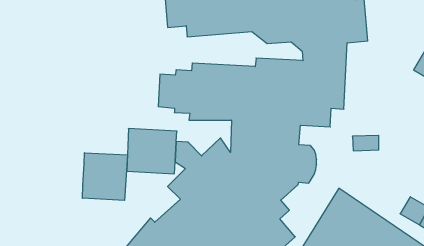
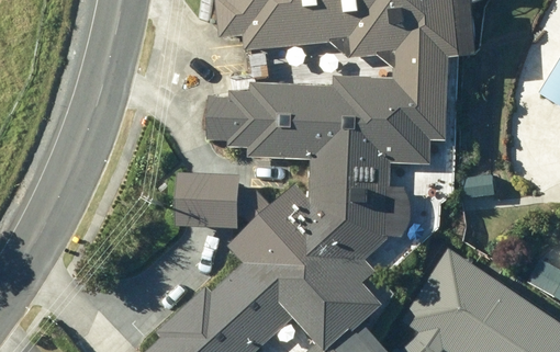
building: [82,153,127,200] -> none

